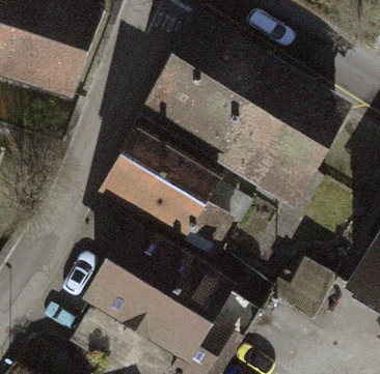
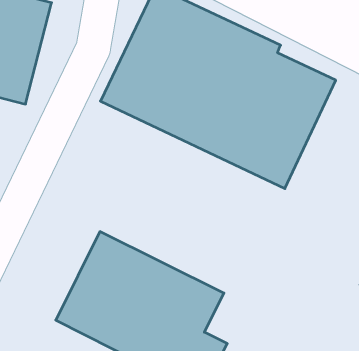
building: [101,130,228,240] -> none

